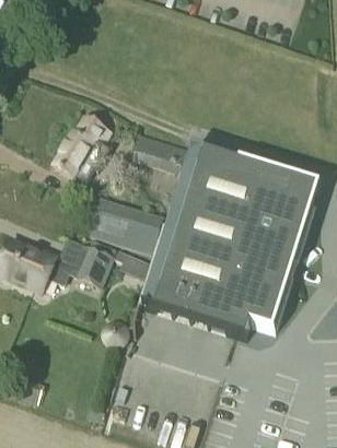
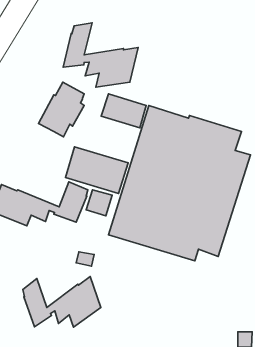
building: none -> [63,23,138,87]
building: none -> [23,276,101,327]

